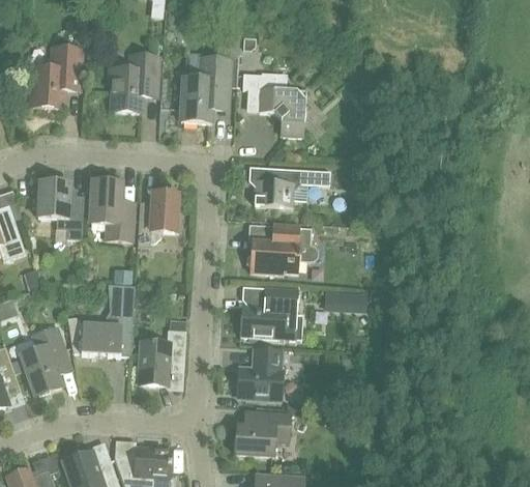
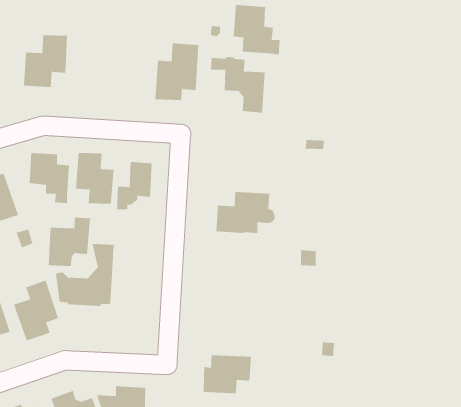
building: none -> [233,4,280,55]
building: [110,54,158,112] -> none
building: [248,166,329,206] -> none
building: [239,287,303,339] -> none
building: [138,328,186,384] -> [48,217,91,266]
building: [238,348,282,398] -> none

